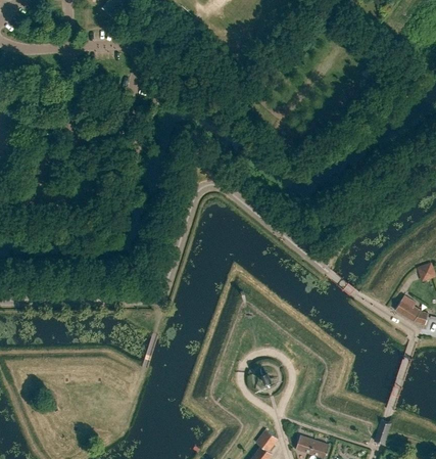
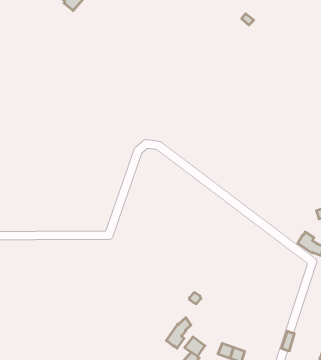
building: none -> [166,318,191,348]

